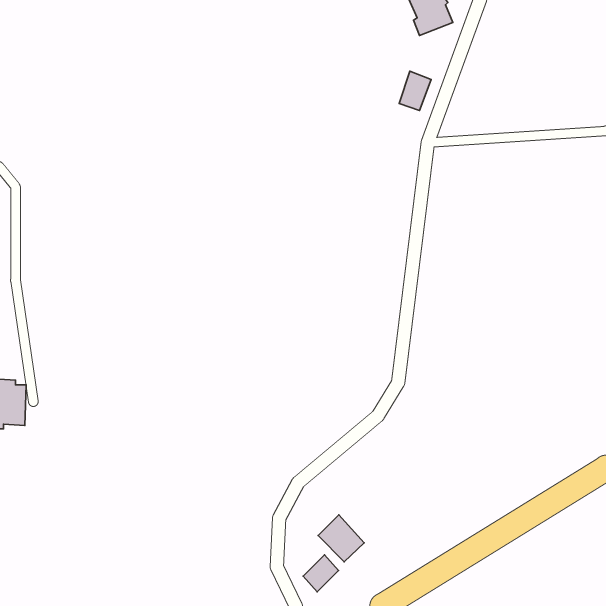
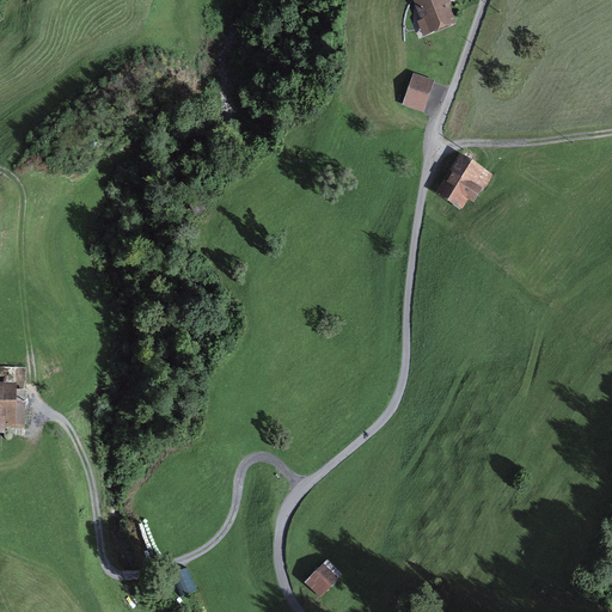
building: none -> [435,153,492,207]
building: [318,515,364,562] -> none

